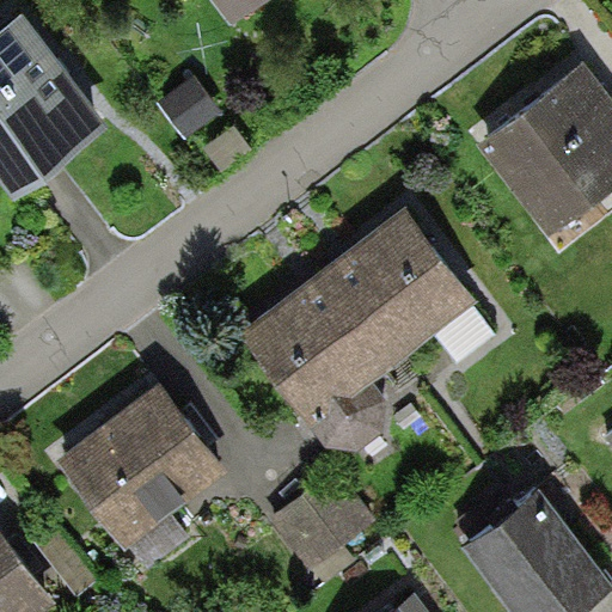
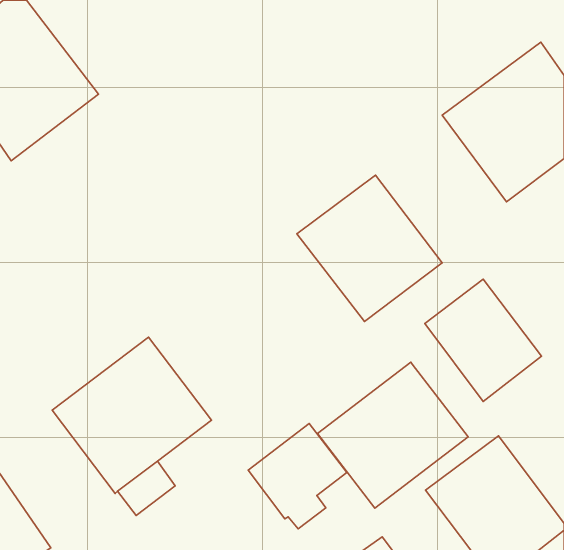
building: [239,270,393,458] -> none
building: none -> [425,279,541,401]
building: none -> [318,362,468,508]

